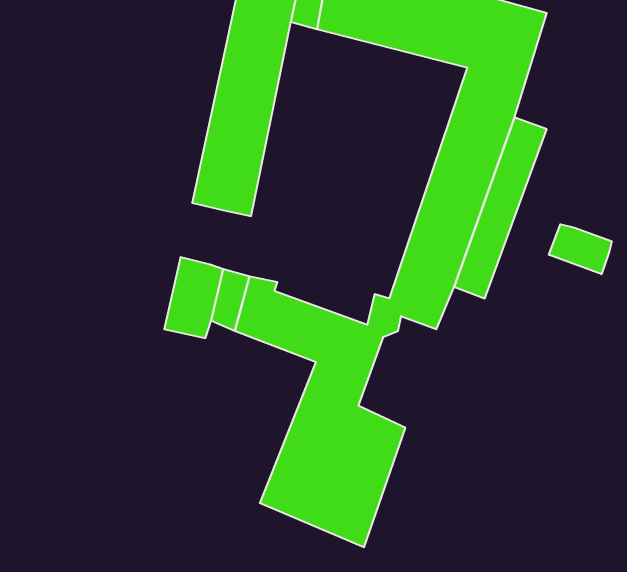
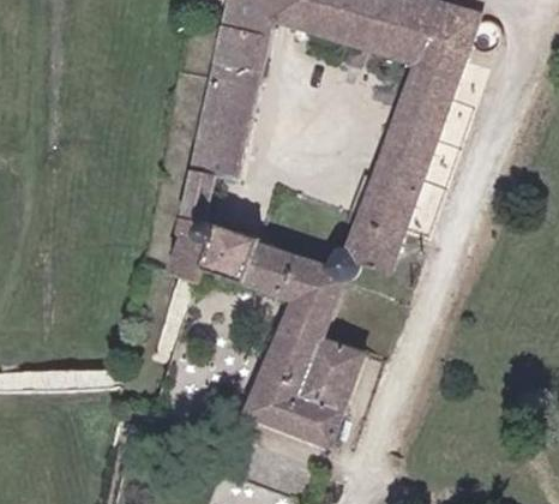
building: none -> [179,168,214,218]
building: [549,224,612,274] -> none

